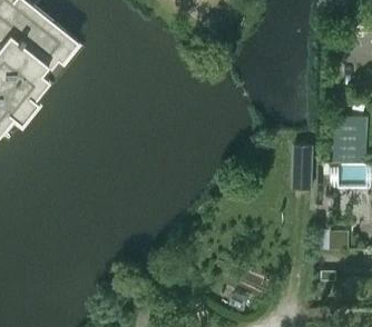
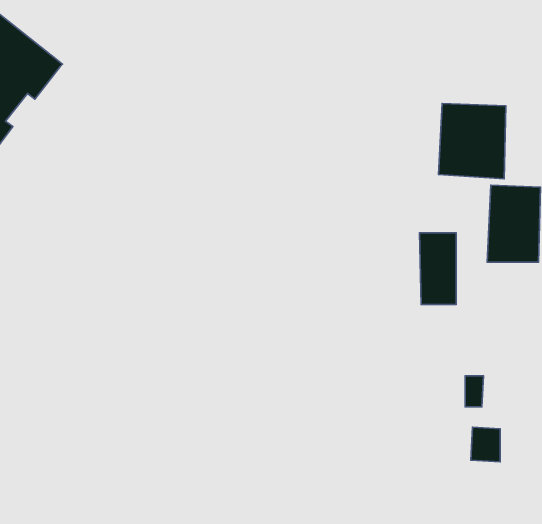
building: none -> [438,104,506,179]

